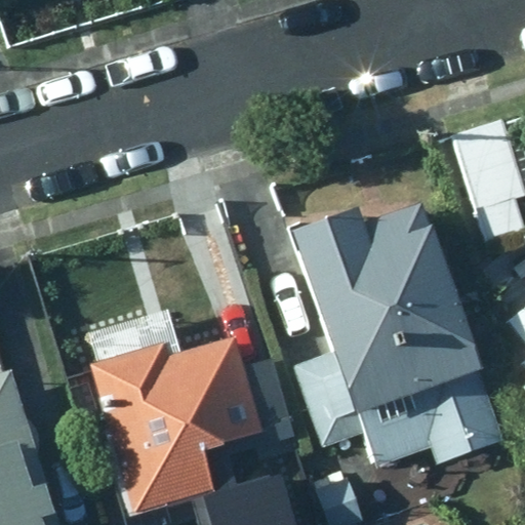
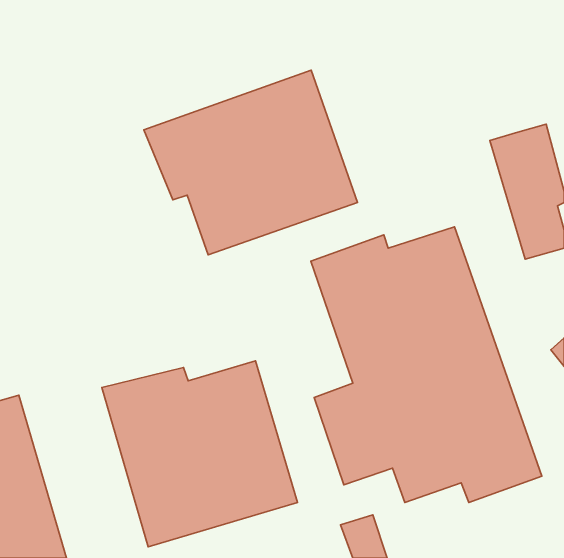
building: none -> [144,70,358,255]

